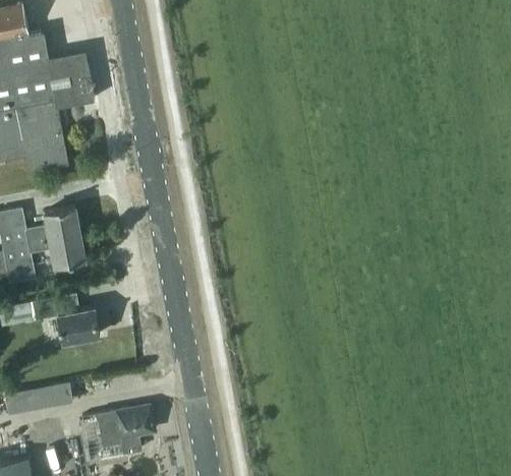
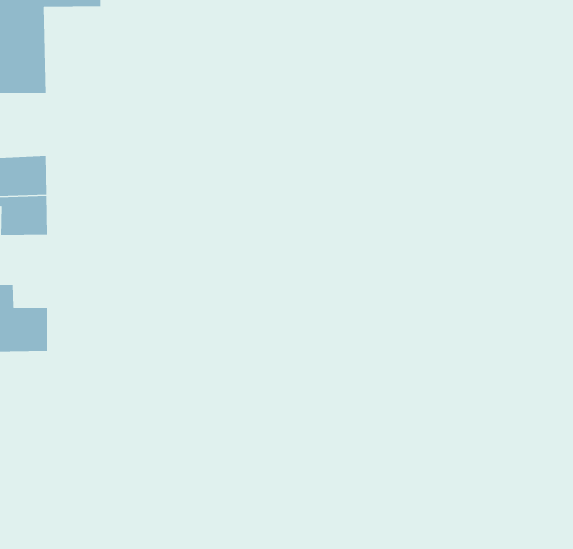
building: [96,404,154,453] -> none

